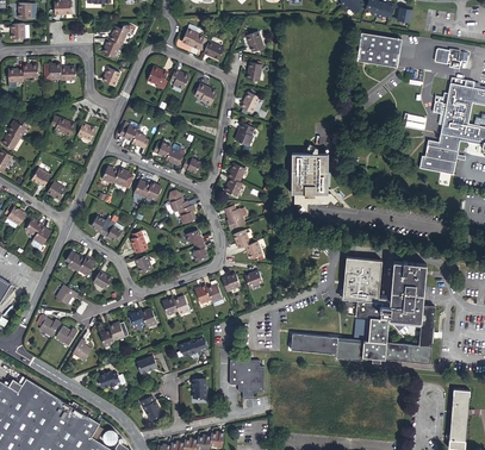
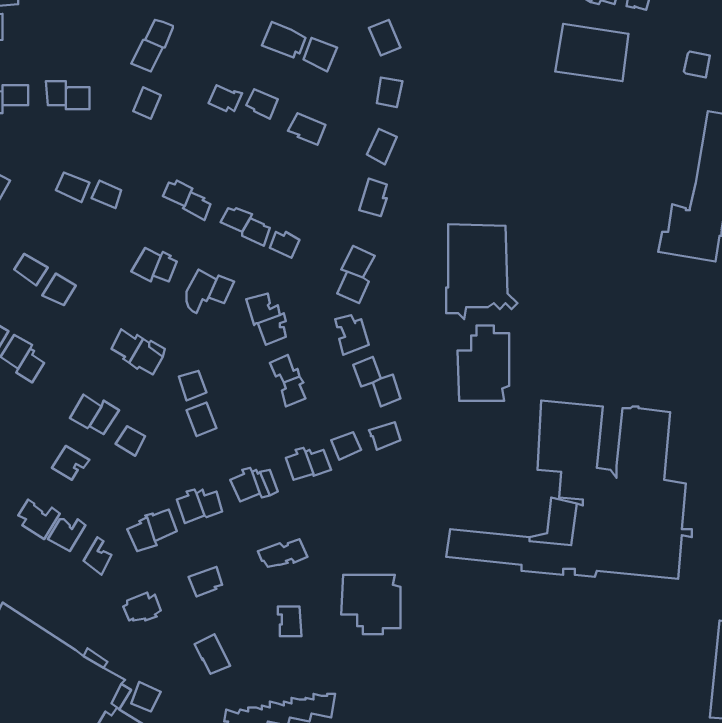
building: none -> [458,325,509,401]

